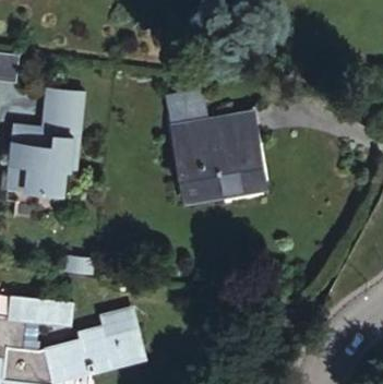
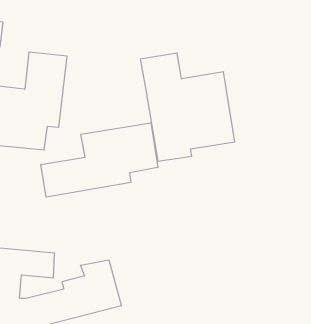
building: none -> [41,123,158,197]

